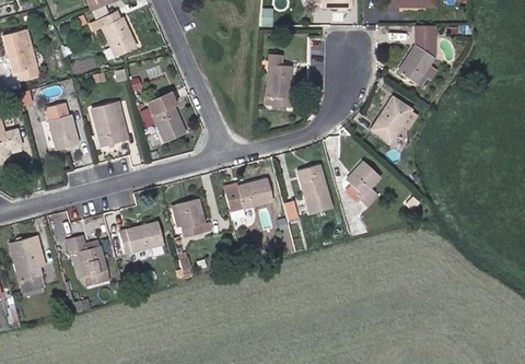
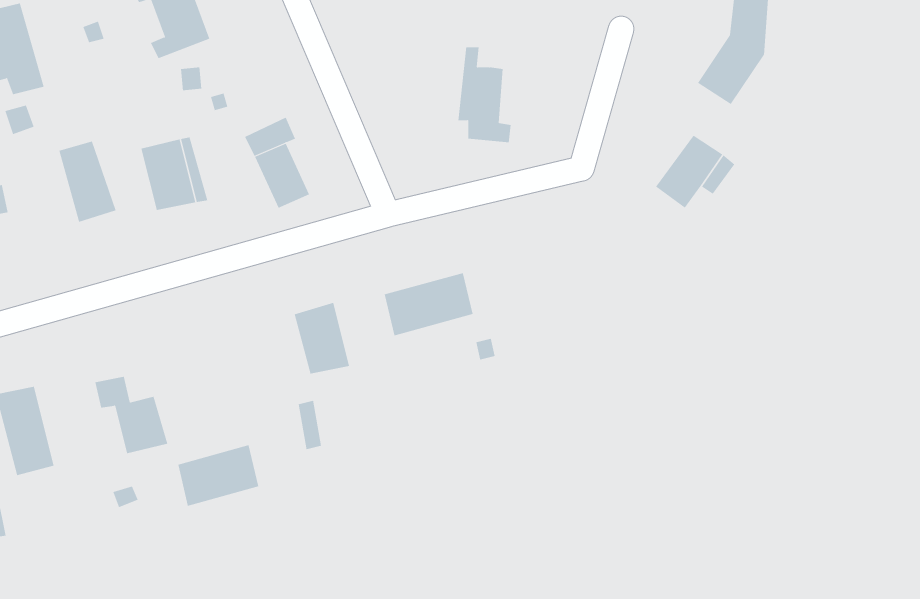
building: [349,160,383,207] -> none
building: [301,163,334,210] -> none
building: [116,215,161,249] -> [177,445,259,506]

